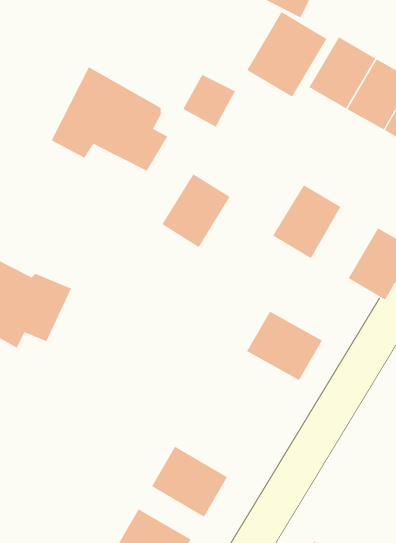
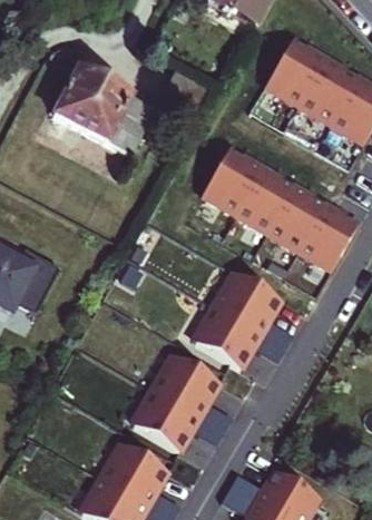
building: [247,11,327,98] -> none
building: [161,174,230,248] -> [204,148,263,212]
building: none -> [270,187,326,248]
building: none -> [194,311,260,371]
building: none -> [153,357,218,419]

